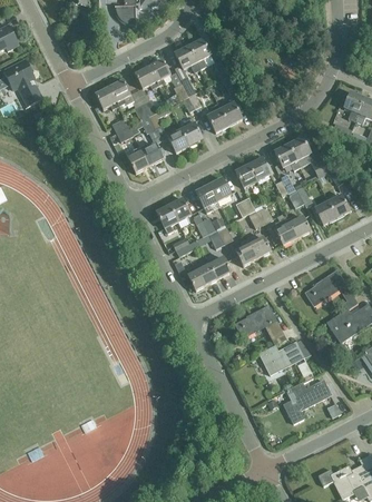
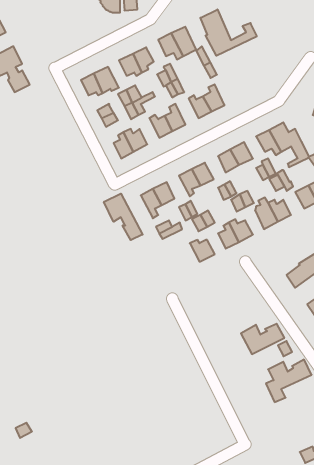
building: none -> [200,9,257,56]
building: none -> [104,194,143,240]
building: [186,260,216,291] -> none
building: [235,305,285,344] -> none

